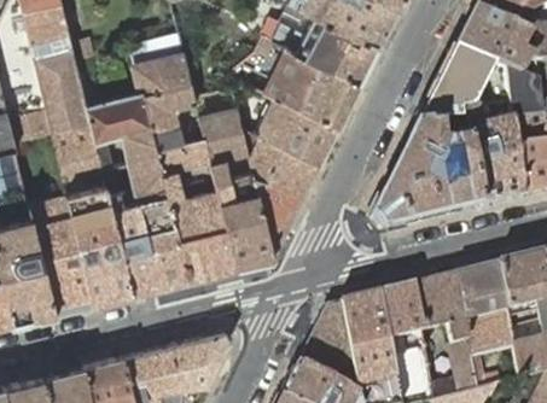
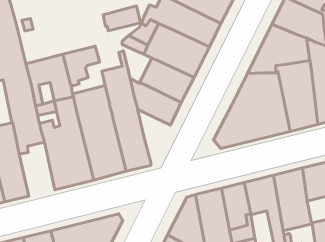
building: [134,56,190,93] -> [103,6,140,31]
building: [252,175,302,257] -> none
building: [76,224,129,305] -> none

